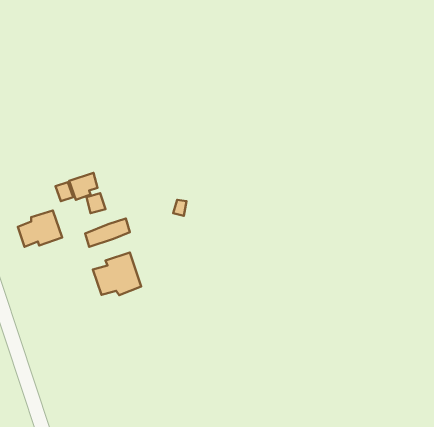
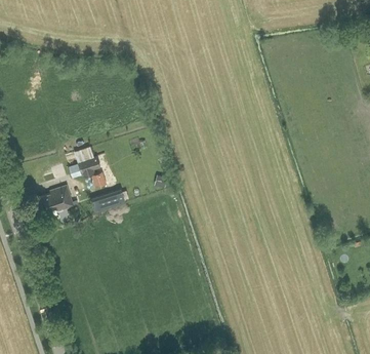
building: [93,252,141,295] -> none

